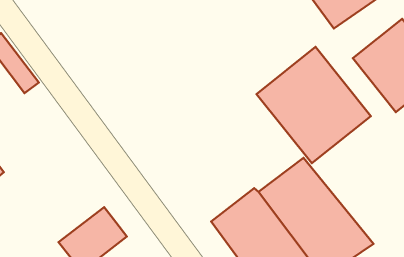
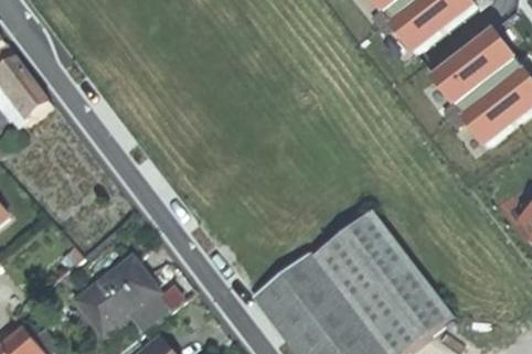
building: [257,47,371,163] -> none

